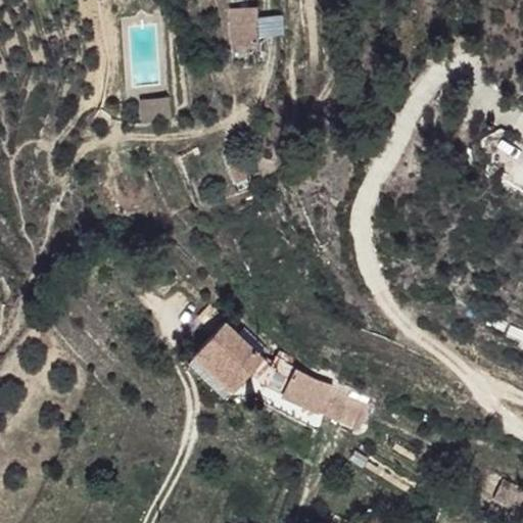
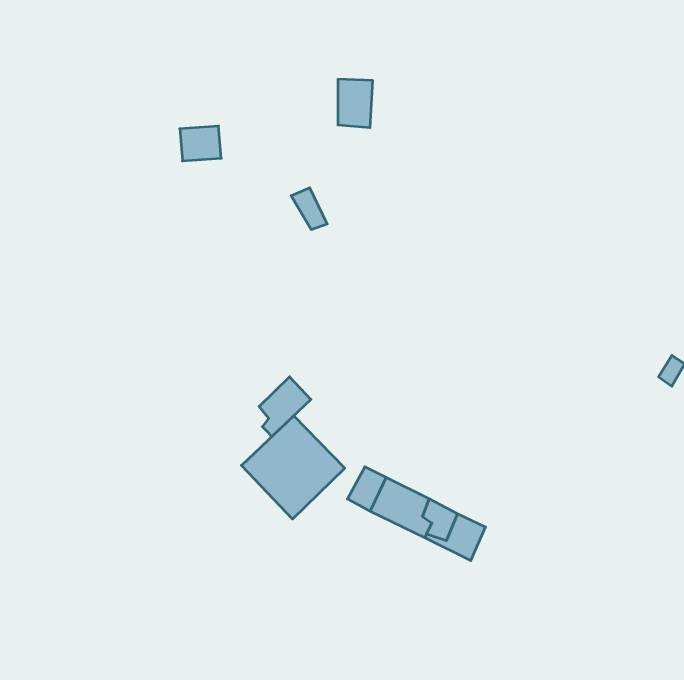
building: [232,12,258,49] -> [338,79,373,128]
building: none -> [259,377,311,437]

